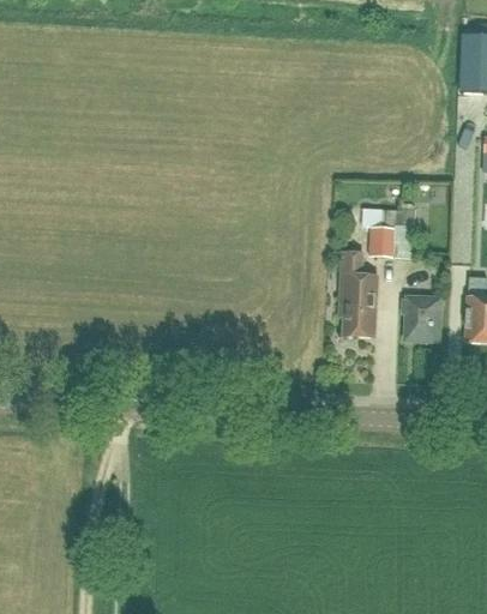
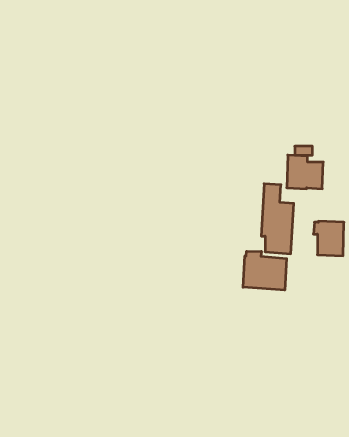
building: none -> [243,251,287,290]

